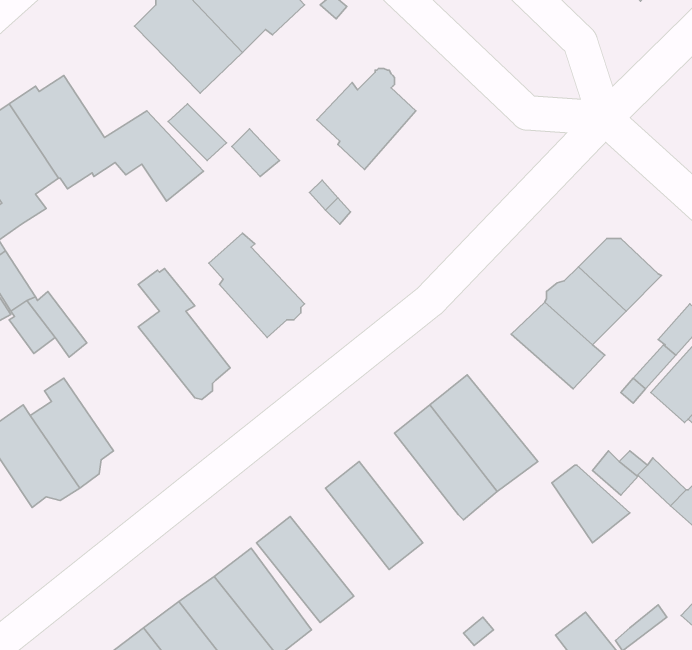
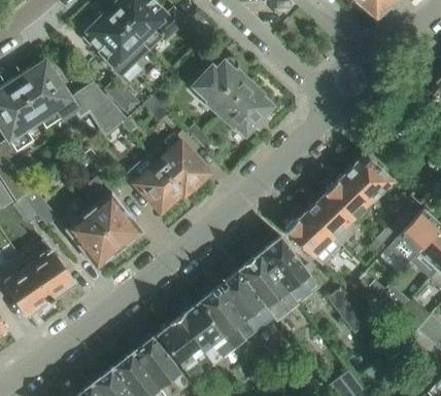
building: none -> [218,82,270,135]
building: none -> [152,134,207,194]
building: none -> [58,208,120,266]
building: none -> [283,212,340,264]
building: none -> [215,269,273,333]
building: none -> [175,301,233,364]

